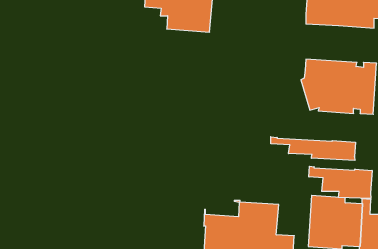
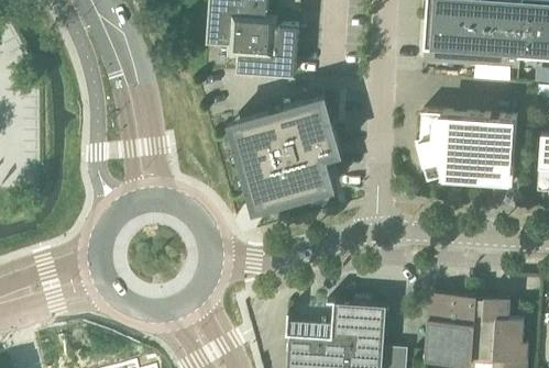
building: none -> [231,98,340,210]
building: [271,137,355,160] -> none
building: [309,166,372,199] -> none

